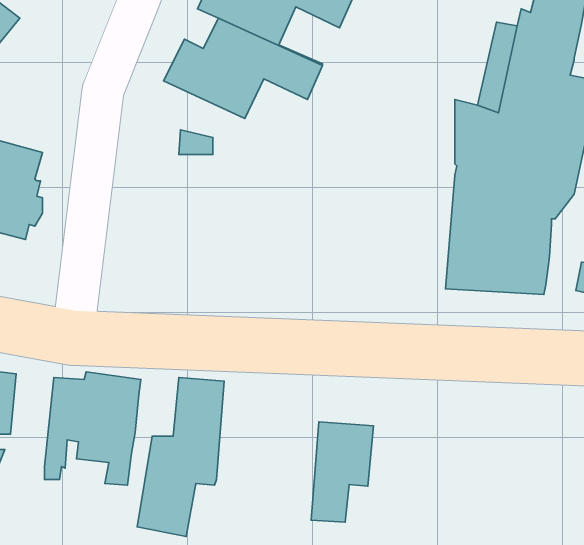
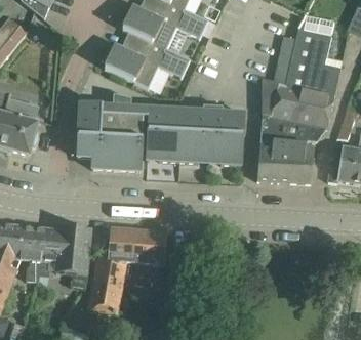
building: none -> [77,104,143,171]
building: none -> [147,115,243,165]
building: none -> [21,226,44,281]
building: [311,422,374,522] -> [132,230,166,285]

